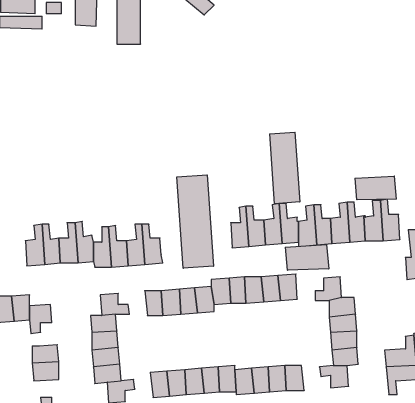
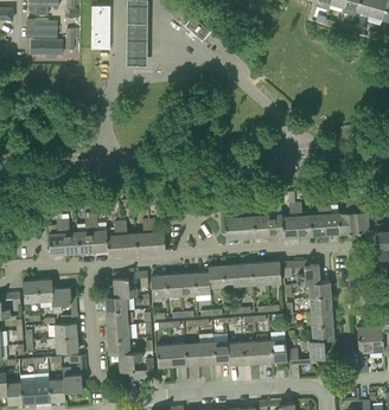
building: [270,132,300,204] -> none
building: [177,175,213,268] -> none
building: [355,176,396,200] -> none
building: [285,244,329,270] -> none

